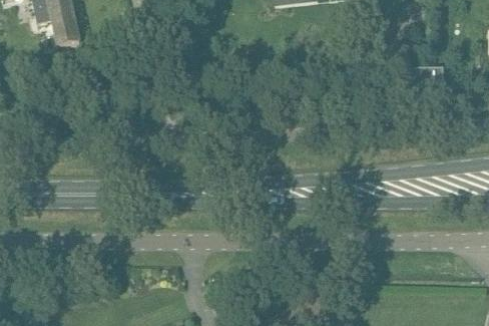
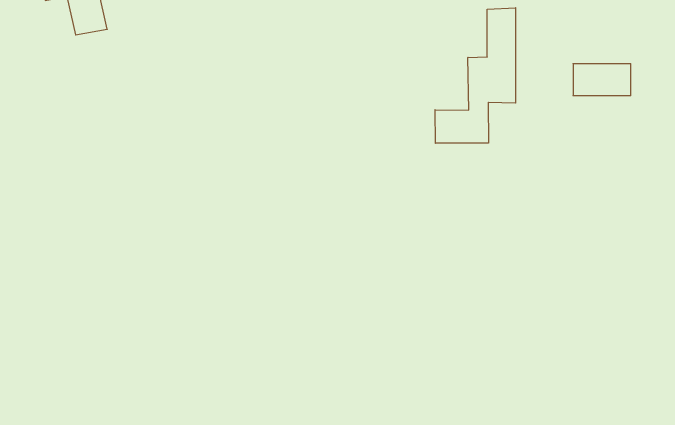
building: none -> [435,8,516,143]

